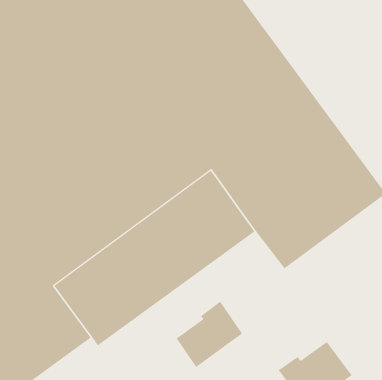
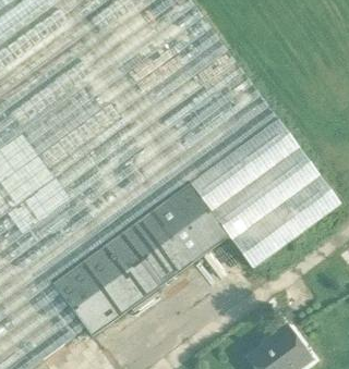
building: [176,301,243,368] -> none

